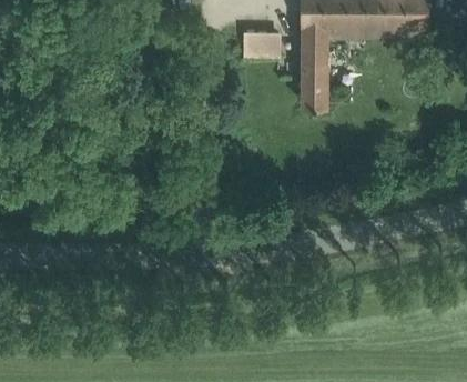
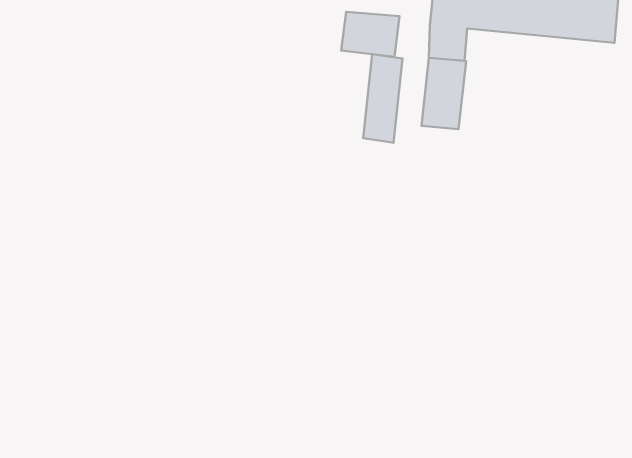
building: none -> [363,54,403,143]

